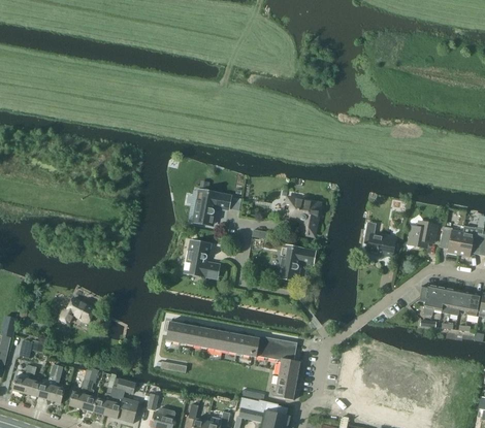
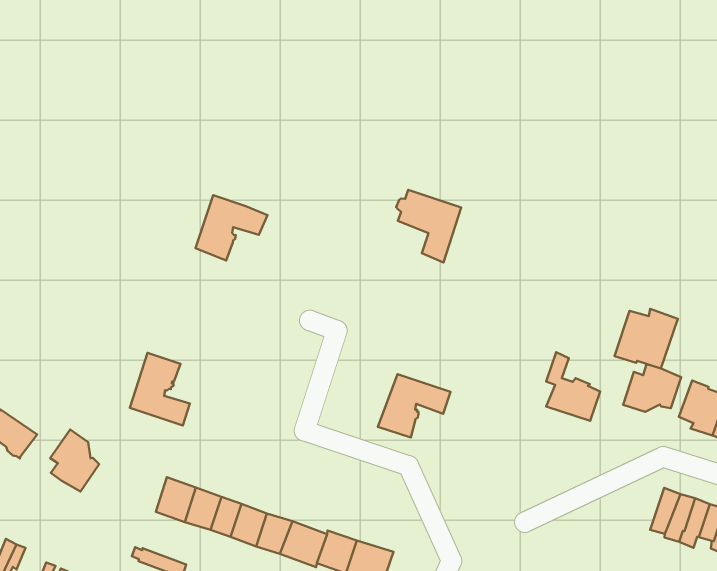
building: none -> [615,309,678,368]
building: [194,190,230,224] -> [195,195,268,261]
building: [283,198,318,234] -> [396,190,461,262]
building: [186,240,218,276] -> [130,353,190,425]
building: [418,284,436,315] -> none
building: none -> [50,430,99,492]

